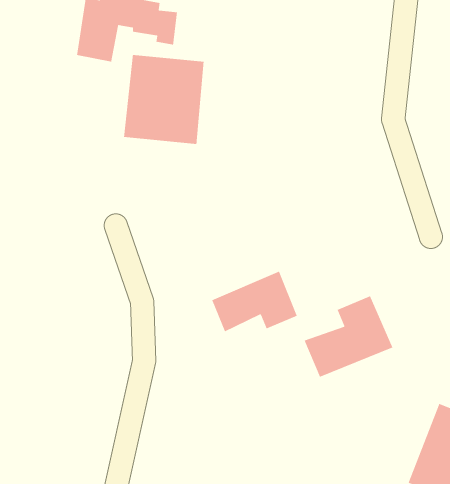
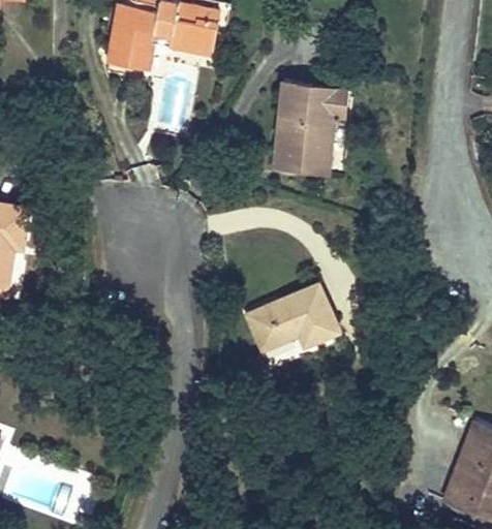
building: [123,54,204,145] -> [274,83,357,175]
building: [303,295,393,378] -> none

